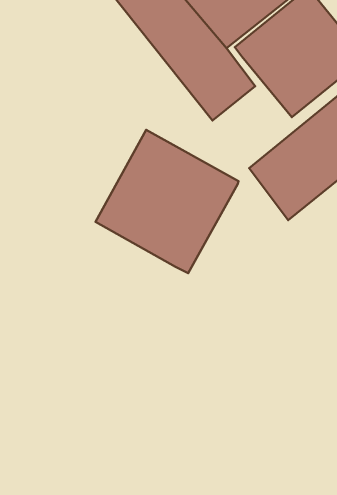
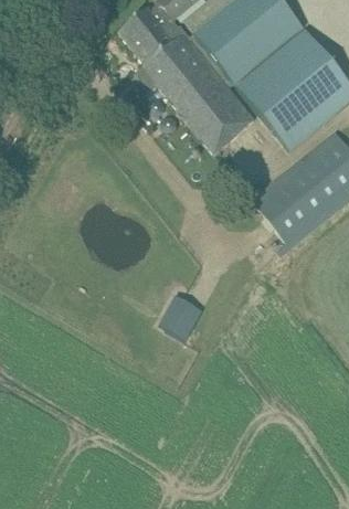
building: [96,130,239,273] -> none
building: none -> [165,298,201,339]

